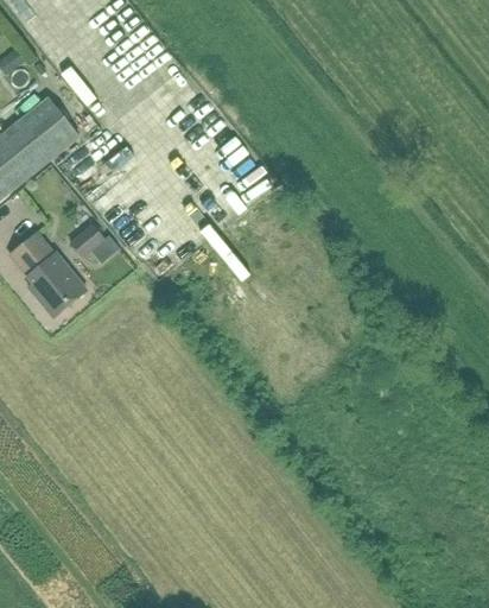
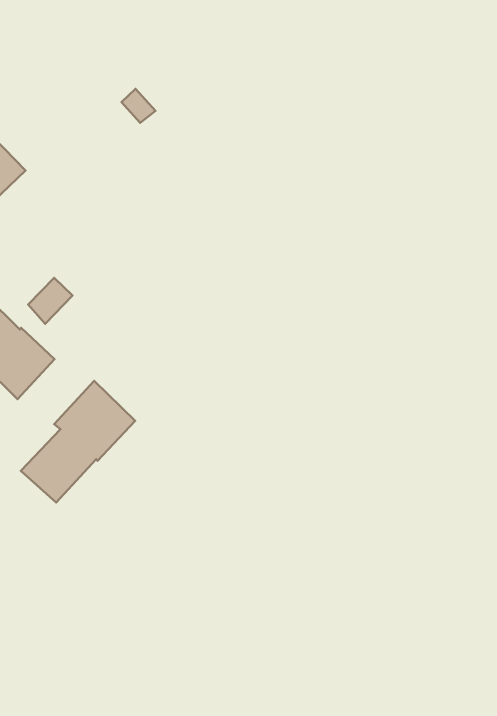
building: none -> [21,381,135,502]

